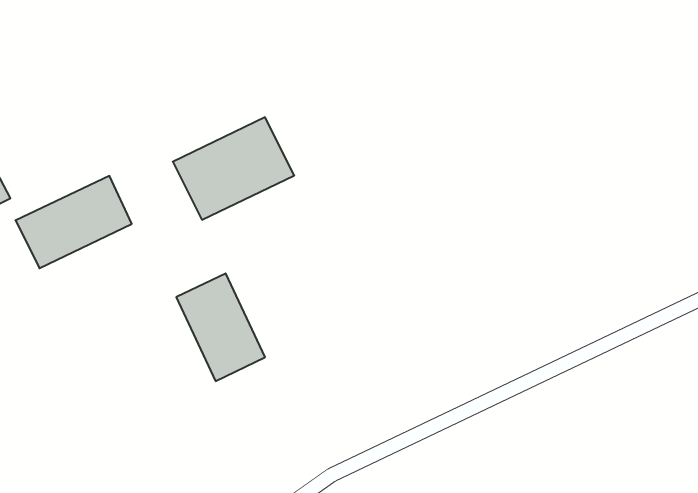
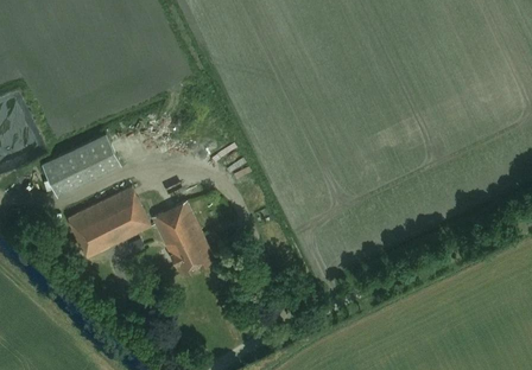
building: [173,117,294,220] -> [66,185,151,256]

